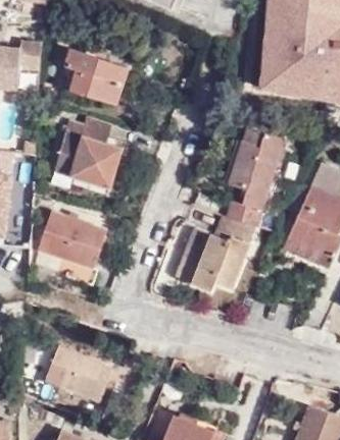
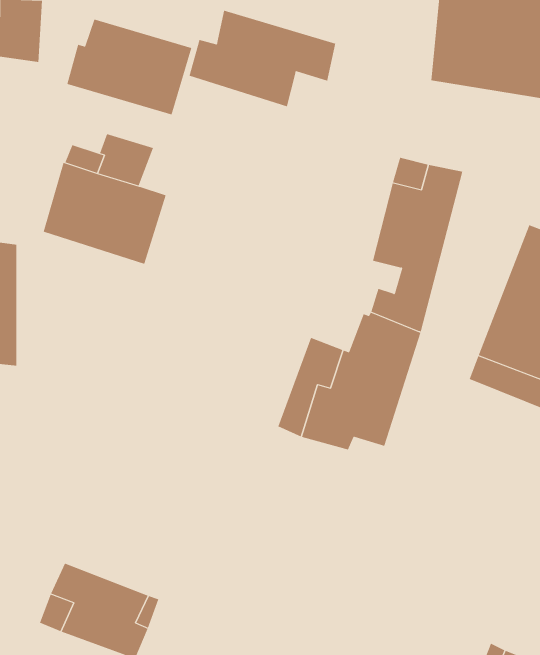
building: none -> [189,10,336,107]
building: [37,212,106,287] -> none

